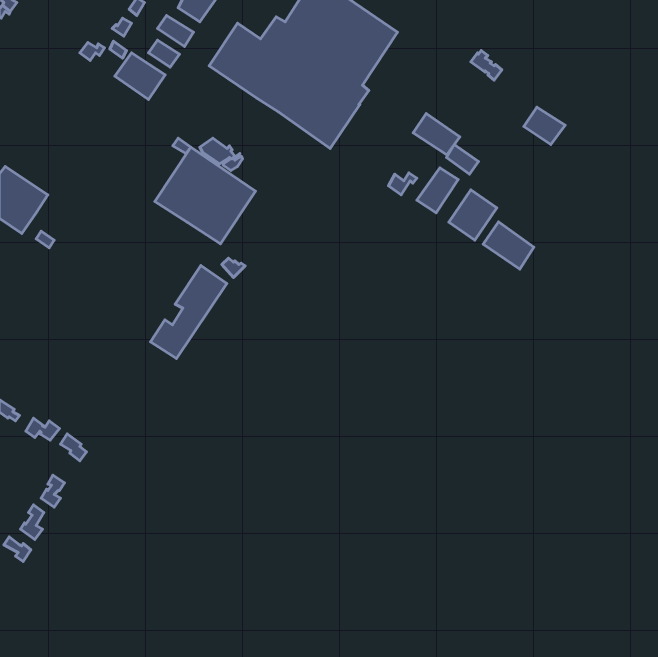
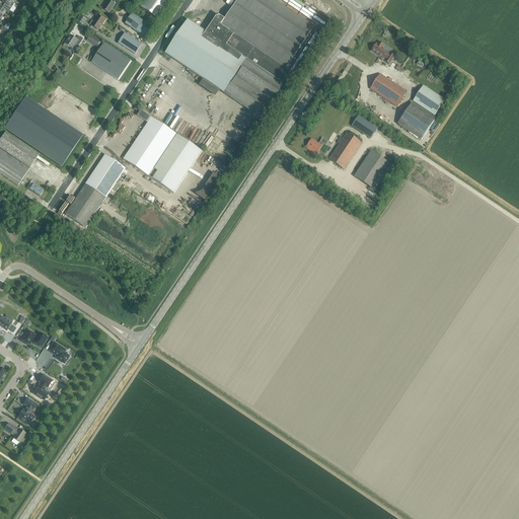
building: [413,113,460,155] -> [369,72,405,104]
building: none -> [4,96,80,164]
building: none -> [396,100,434,138]
building: [483,222,534,269] -> none
building: [151,266,227,358] -> [65,153,125,226]

